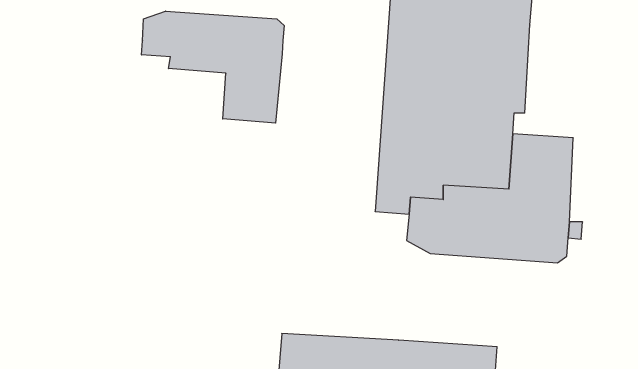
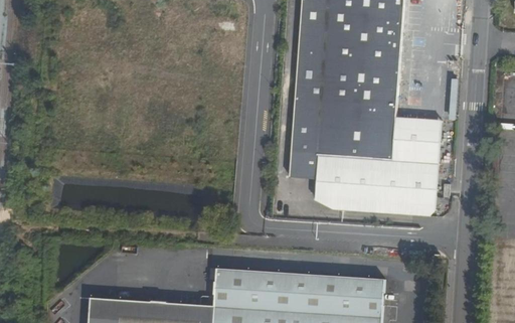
building: [142,11,284,123] -> none

